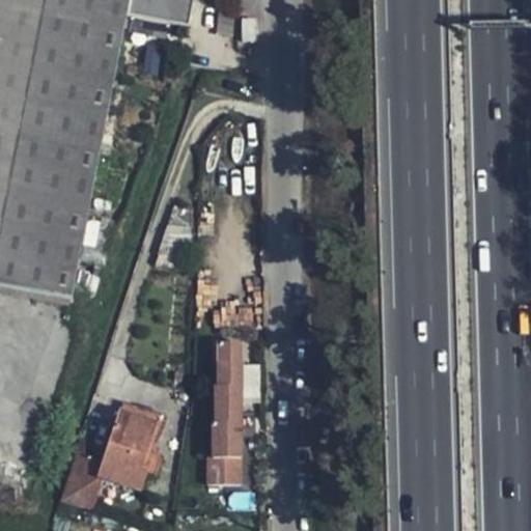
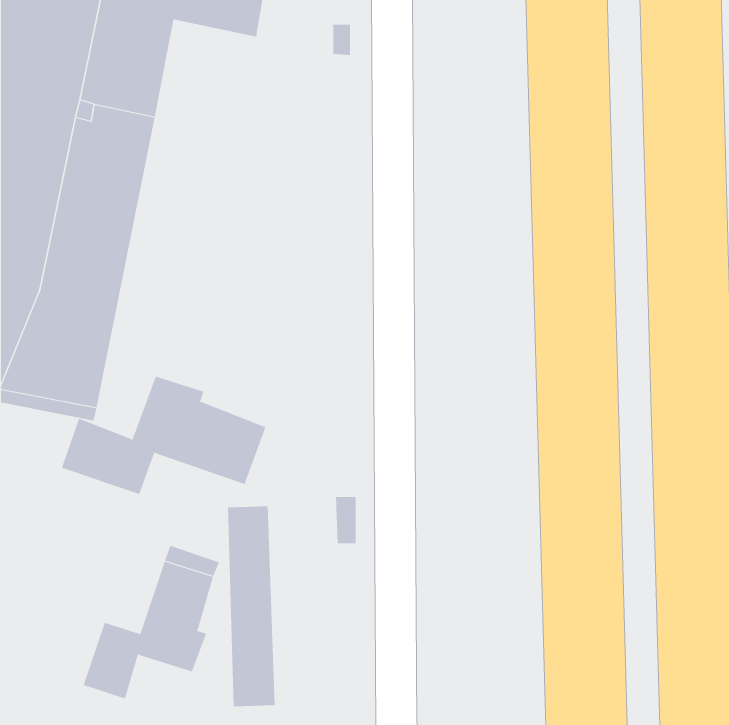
building: none -> [61,376,266,495]
building: [209,336,245,482] -> [227,506,276,707]

